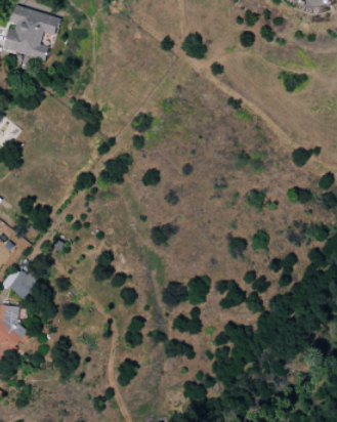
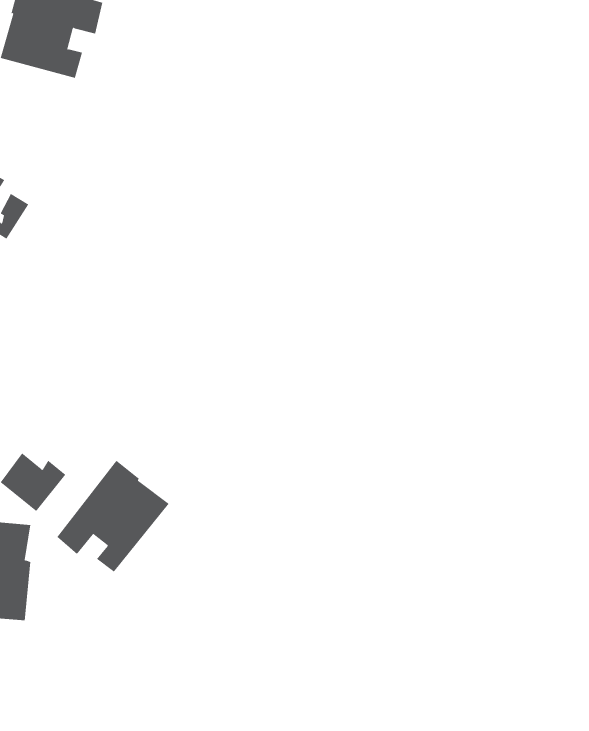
building: none -> [57,460,169,573]

